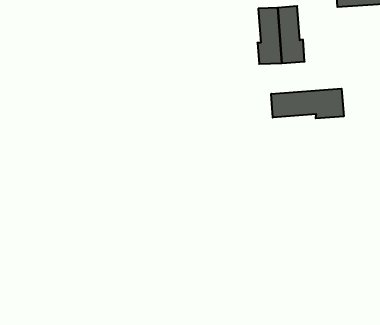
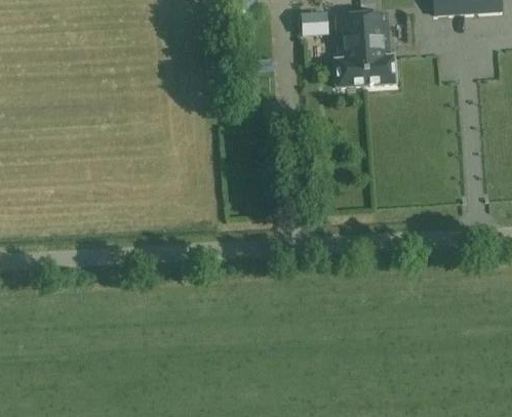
building: none -> [301,11,327,34]
building: [271,89,344,118] -> none

